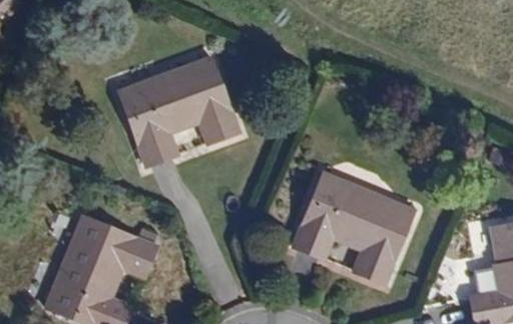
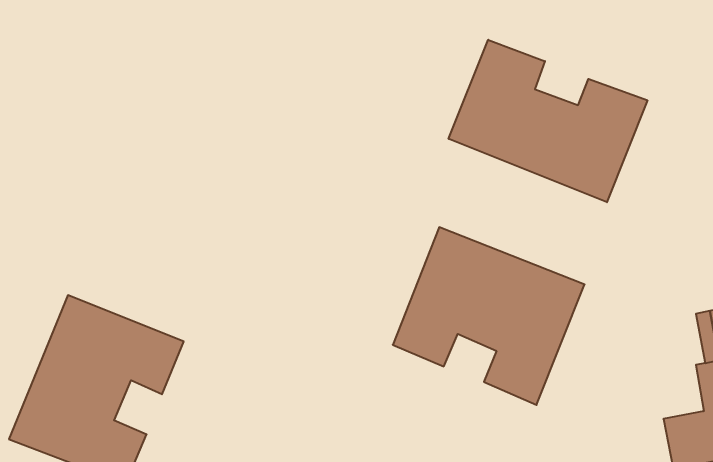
building: none -> [449,40,647,202]
building: [116,55,240,168] -> none

